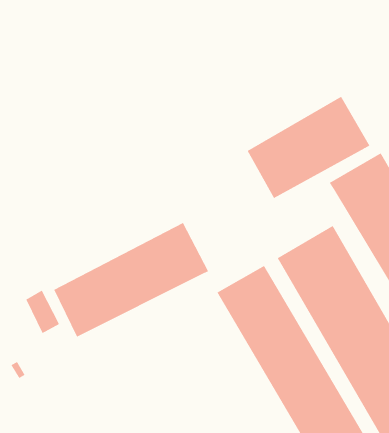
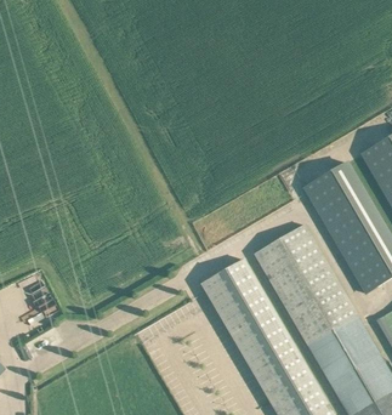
building: [247,96,370,199] -> none
building: [53,222,209,338] -> none

